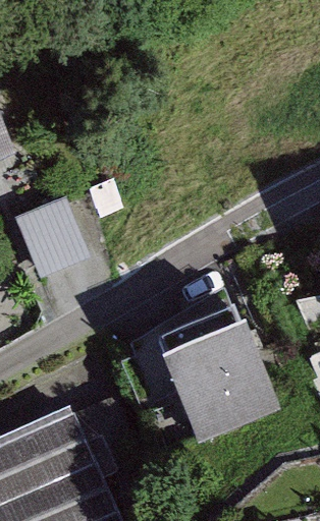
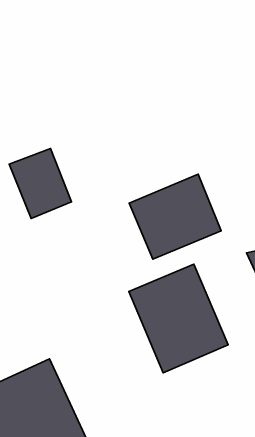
building: none -> [129,174,221,259]

